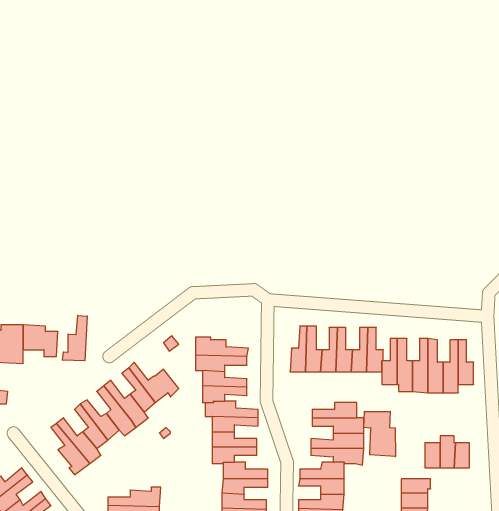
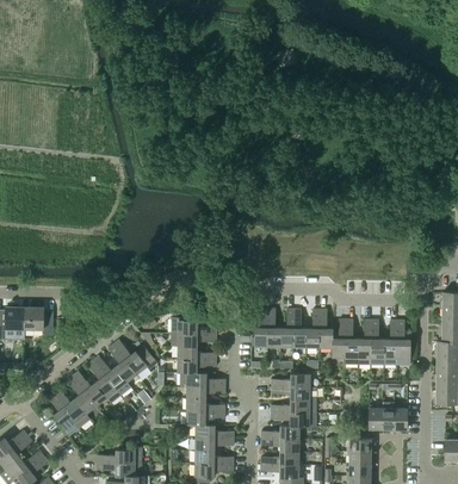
building: [63,315,87,361] -> none
building: [364,411,395,457] -> none

